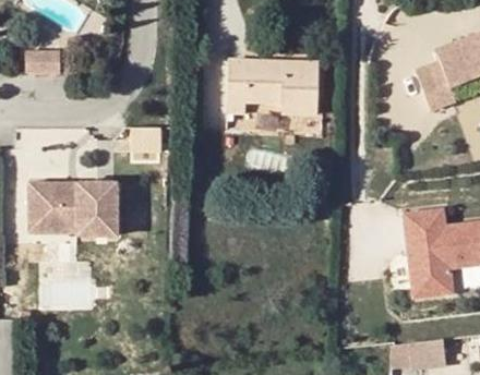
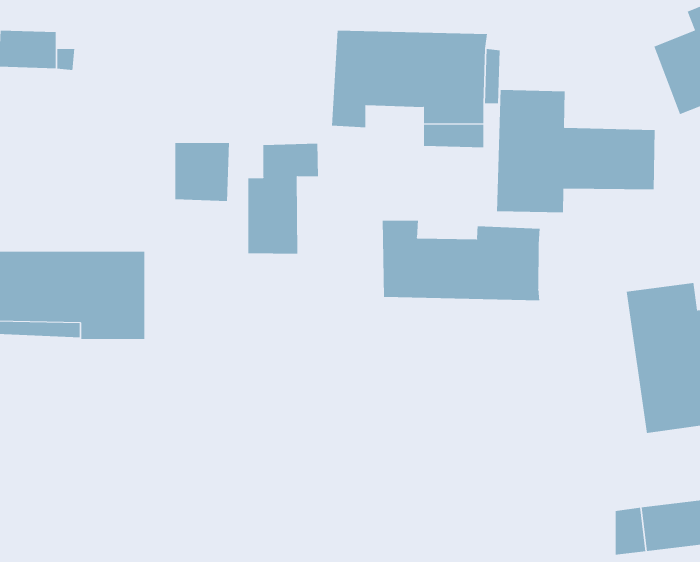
building: none -> [497,89,655,213]
building: none -> [248,143,319,255]
building: none -> [382,220,540,301]

